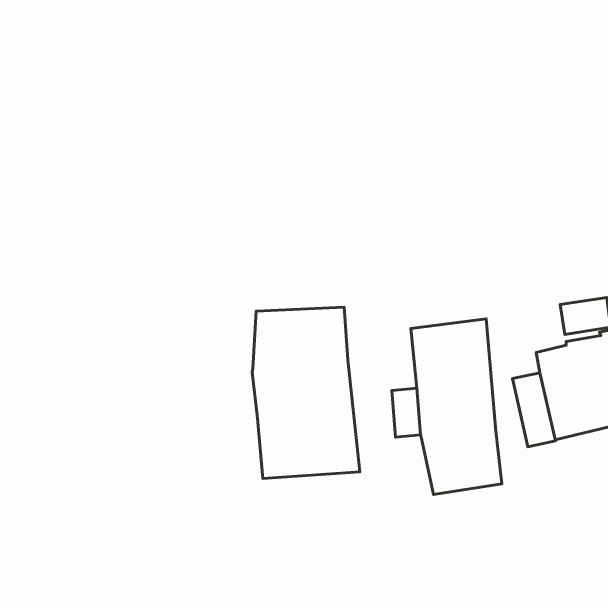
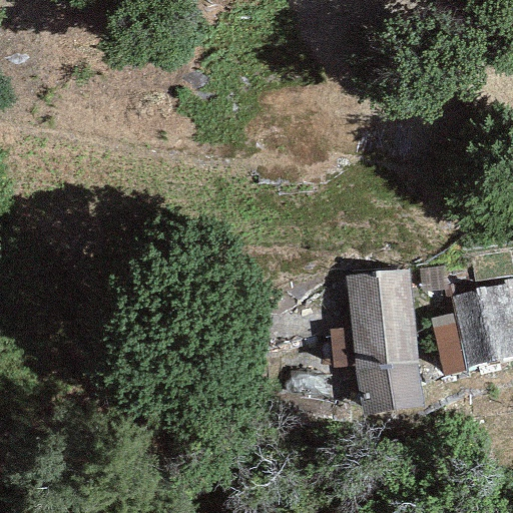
building: [252,307,360,478] -> none

